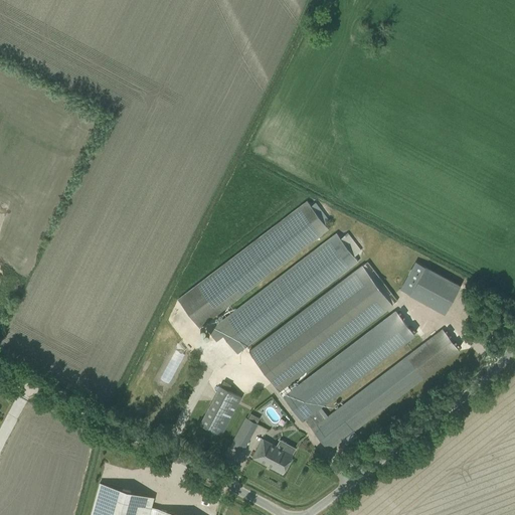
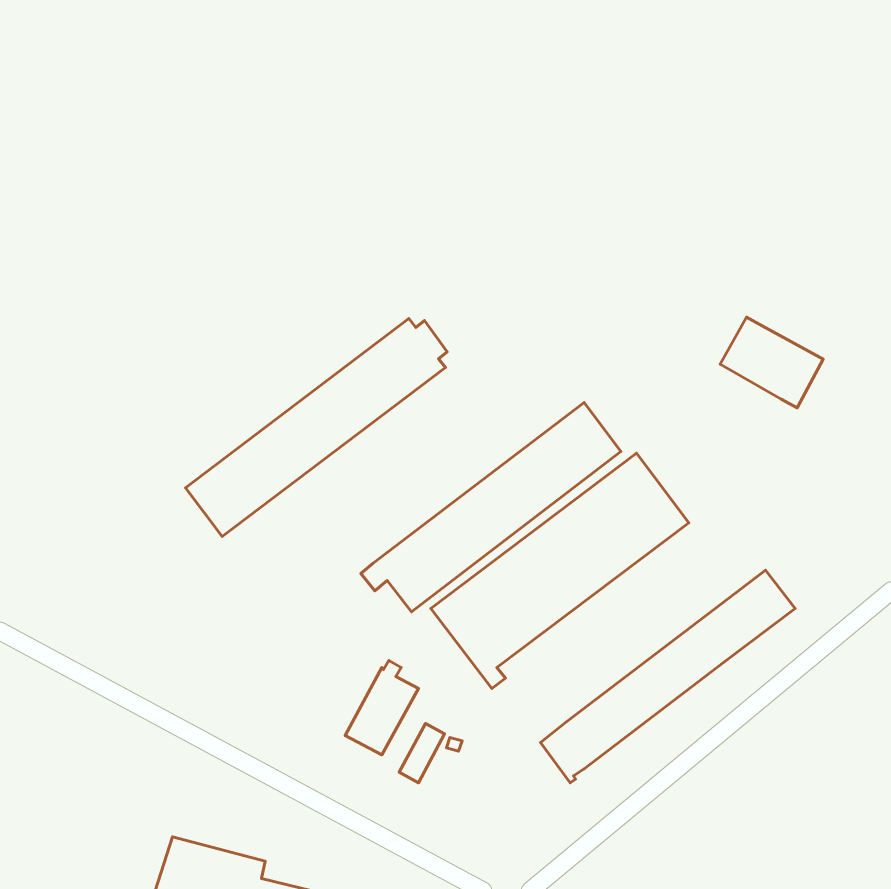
building: [178,202,329,328] -> [186,319,447,537]
building: [400,263,460,315] -> [720,317,823,408]
building: [284,313,414,430] -> none
building: [252,441,292,474] -> none

